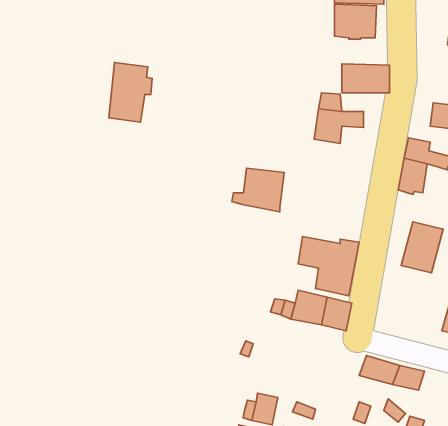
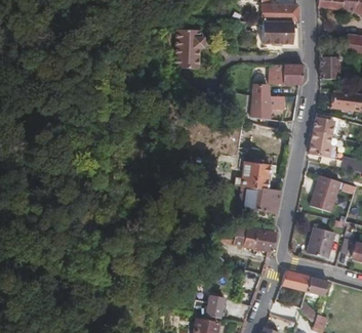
building: none -> [321,56,339,79]
building: [109,63,152,122] -> [175,30,206,72]
building: [232,168,284,212] -> [235,160,272,191]
building: none -> [309,225,336,259]

